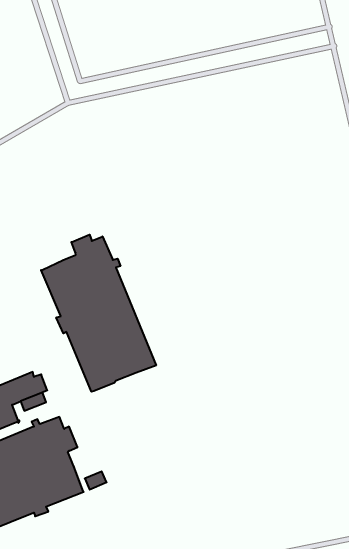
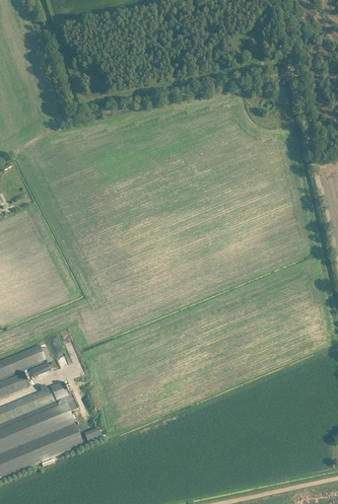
building: [41,235,156,392] -> none

